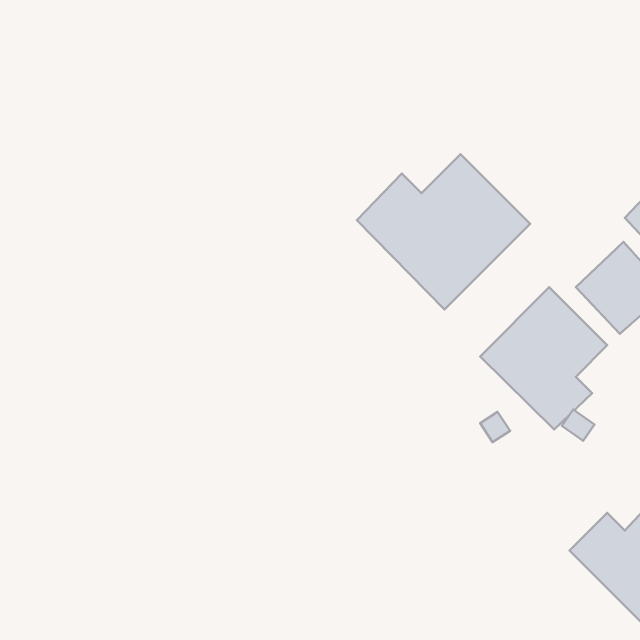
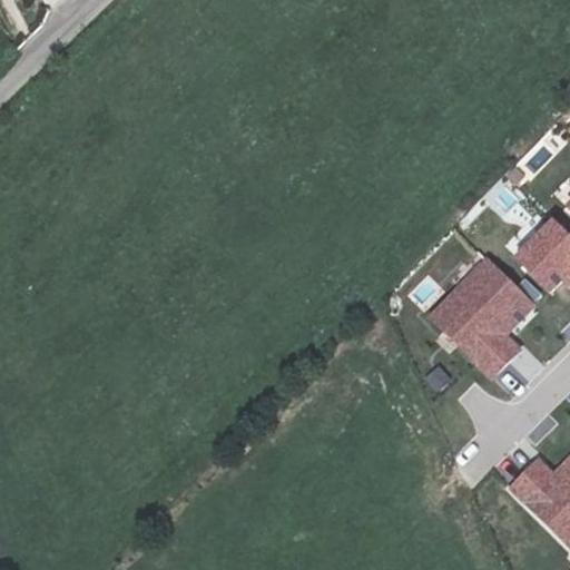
building: [357,154,530,310] -> none

